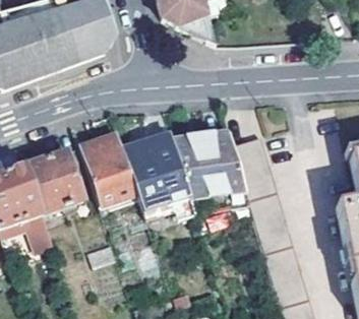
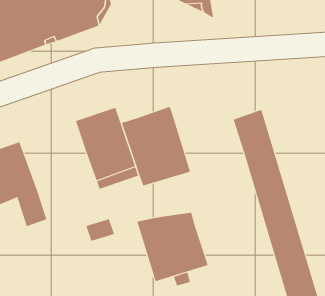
building: [173,130,243,198] -> [136,212,208,282]
building: [23,145,86,212] -> none

